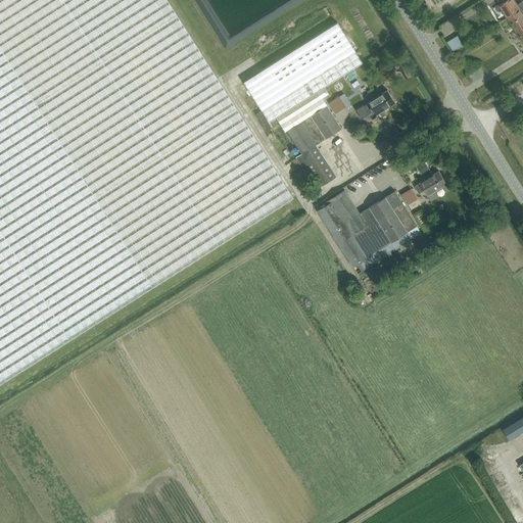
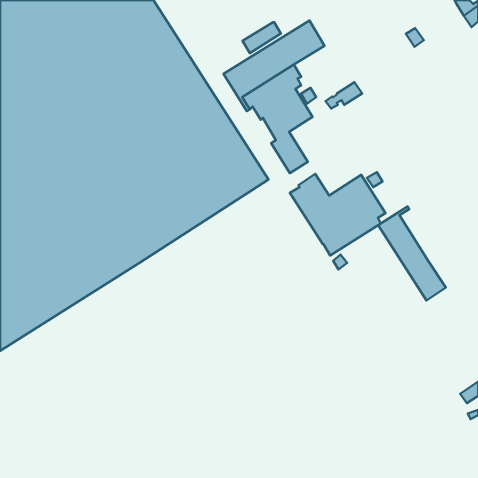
building: [321,50,363,84] -> [242,22,281,53]
building: [414,171,446,195] -> none
building: none -> [378,207,446,300]

